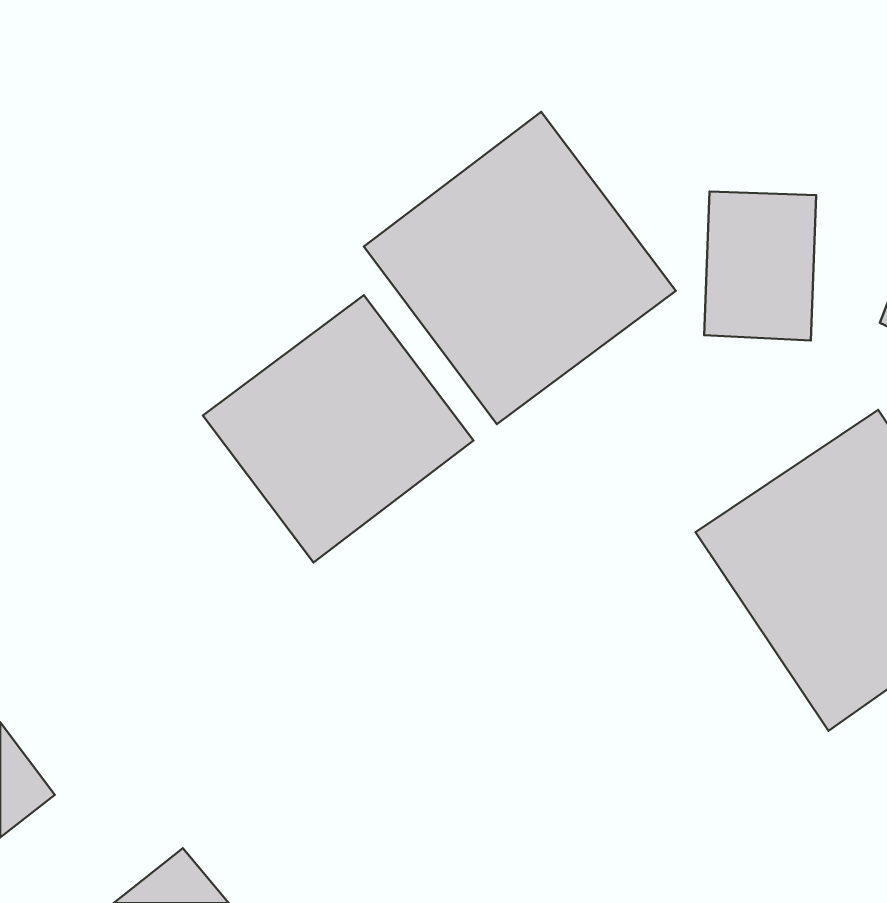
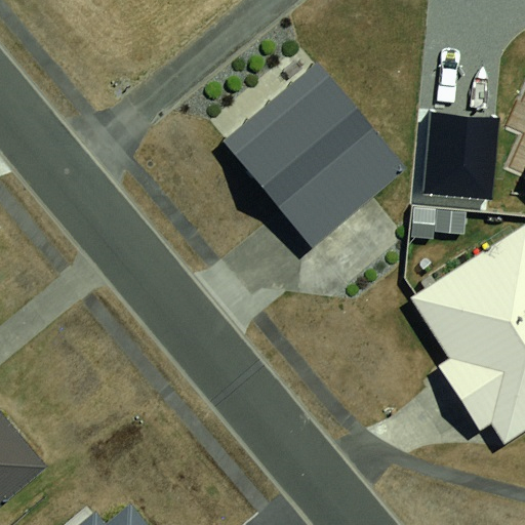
building: [203,295,474,562] -> none

